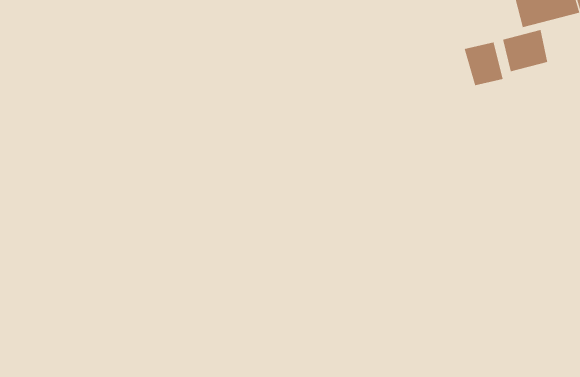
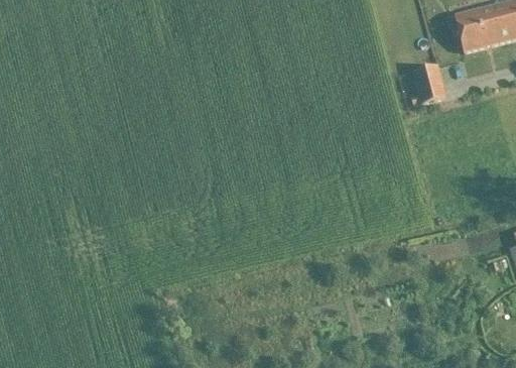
building: [502,29,548,72] -> none

